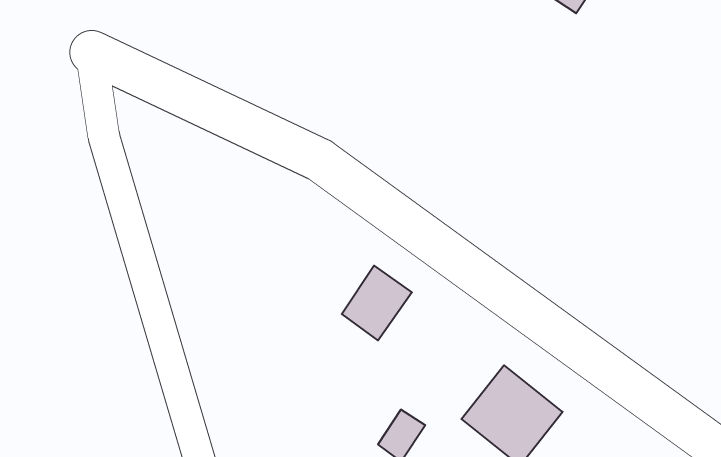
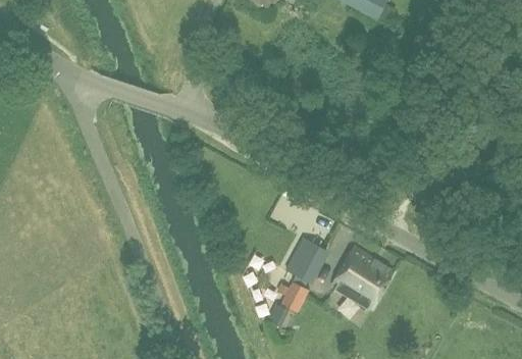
building: [342,266,412,340] -> [285,237,328,284]

